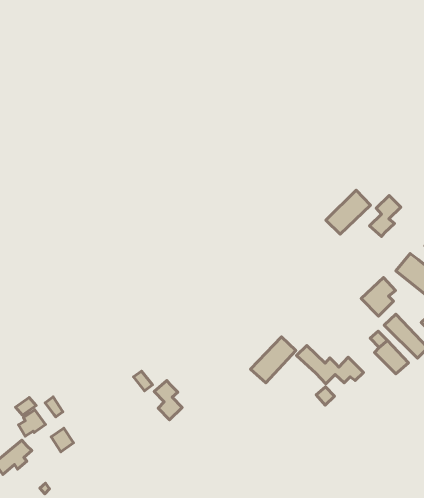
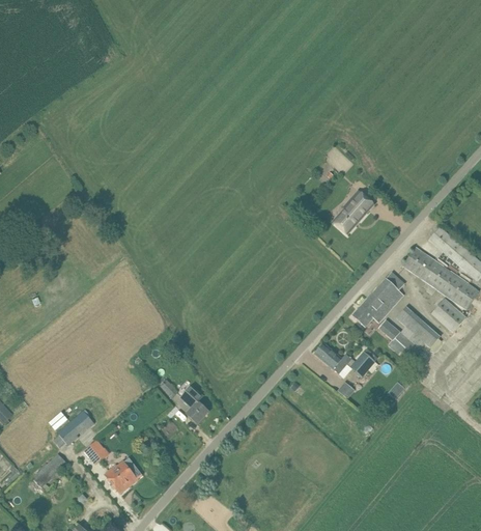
building: [370,195,401,236] -> none
building: none -> [352,294,390,327]
building: [251,337,296,383] -> none
building: none -> [105,463,142,493]

